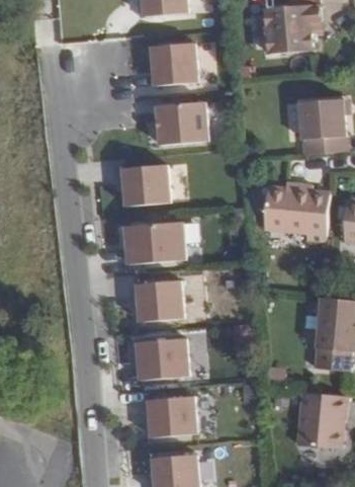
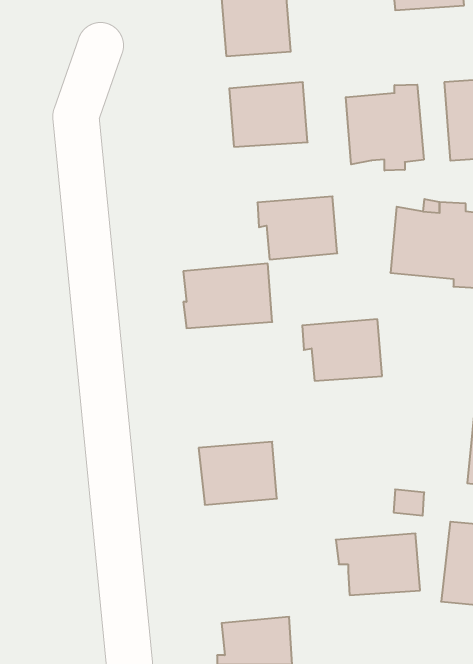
building: none -> [346,85,424,171]
building: [117,165,170,207] -> [257,196,337,259]
building: [131,280,184,321] -> [302,319,382,381]
building: [142,397,197,437] -> [336,534,420,595]

